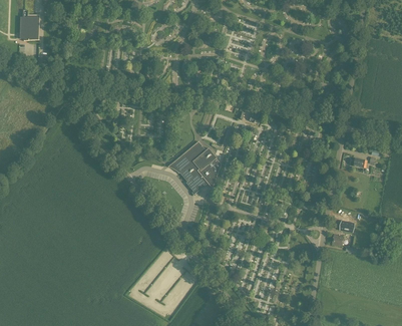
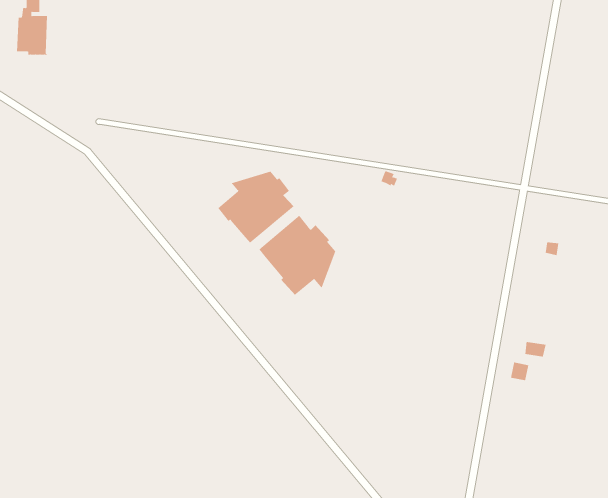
building: none -> [217,171,294,244]

